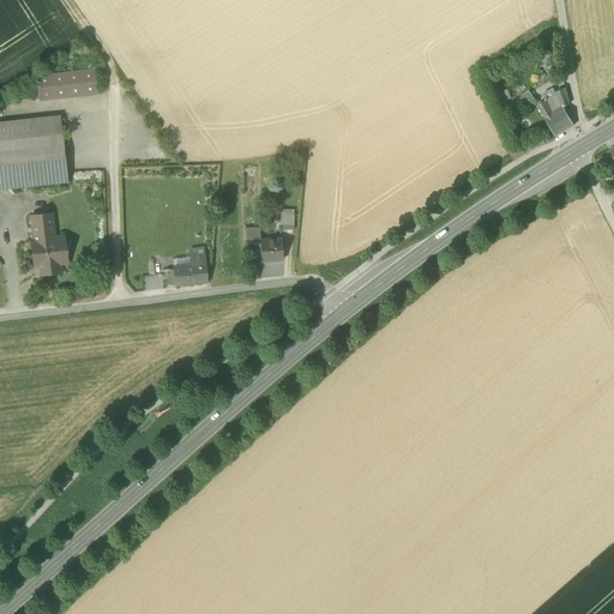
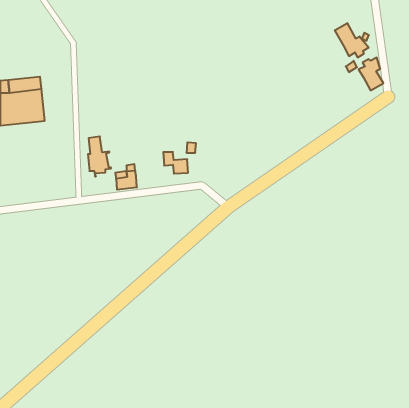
building: none -> [335,23,369,58]
building: [36,70,96,100] -> none
building: [31,213,66,273] -> [88,136,111,176]

